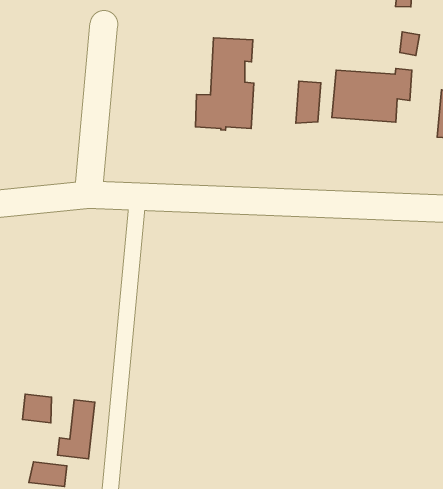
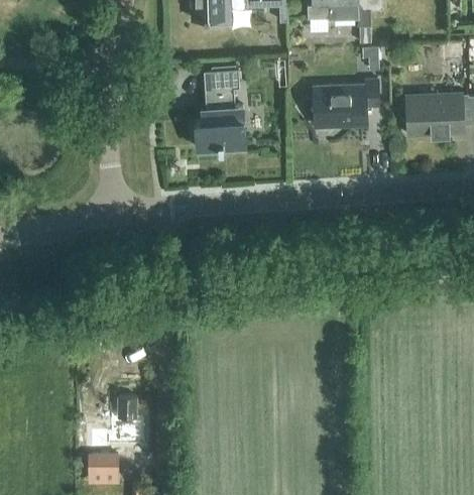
building: [296,81,321,123] -> none
building: [23,394,52,423] -> none

